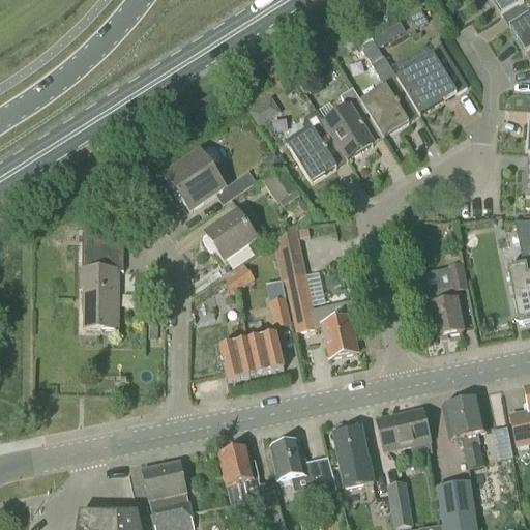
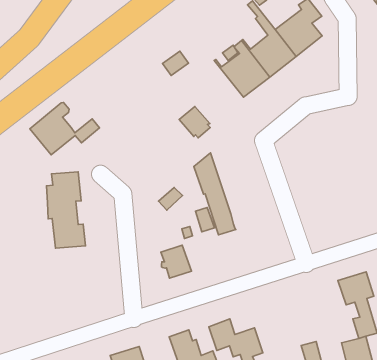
building: [284,107,346,180] -> none
building: [167,143,256,208] -> [30,102,100,155]
building: [203,210,257,258] -> none
building: [421,260,467,334] -> none
building: [314,300,357,354] -> none
building: [247,331,285,372] -> none
building: [377,408,431,451] -> none
building: [332,426,374,485] -> none

